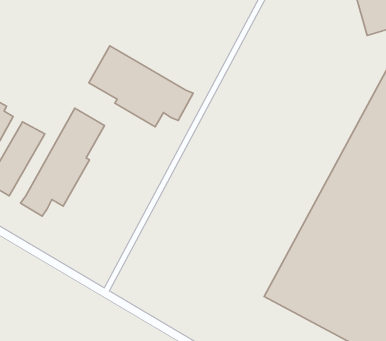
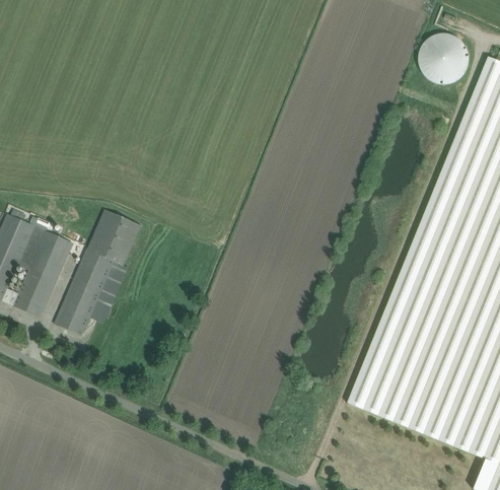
building: [89,46,193,127] -> none

